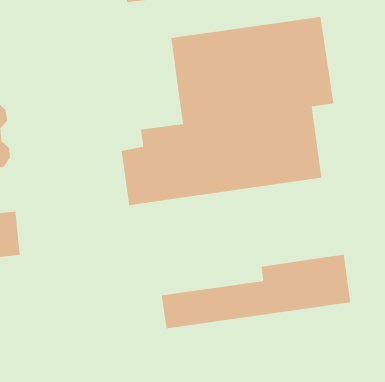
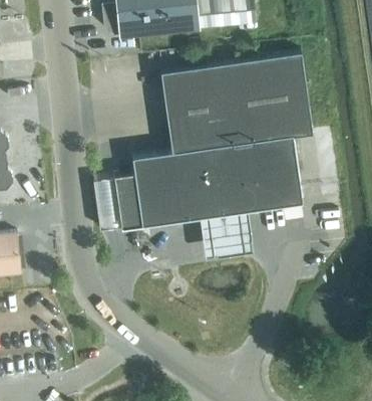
building: [161,254,351,329] -> none

